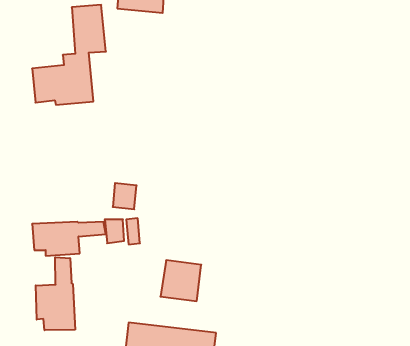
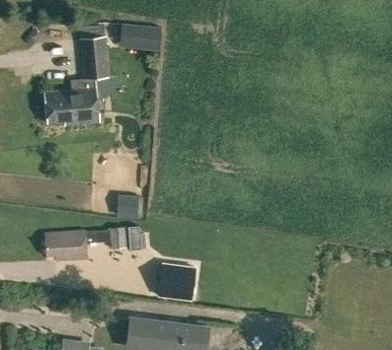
building: [36,257,75,330] -> none

